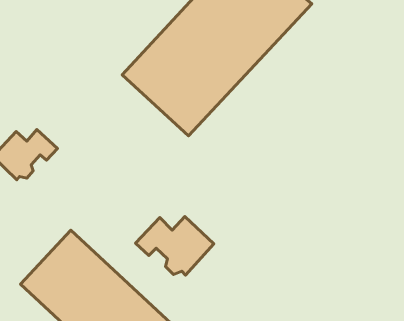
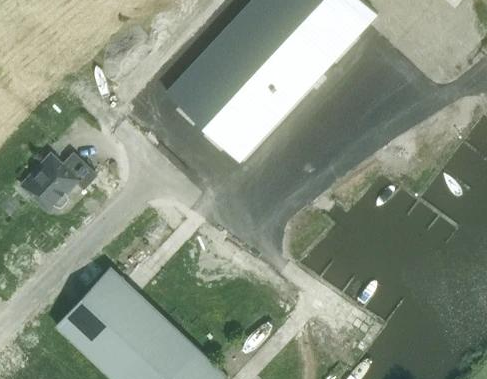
building: [136,217,214,275] -> none

